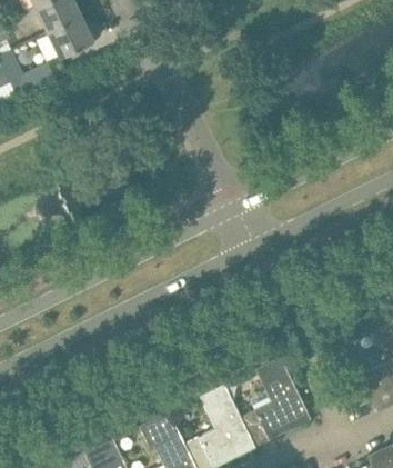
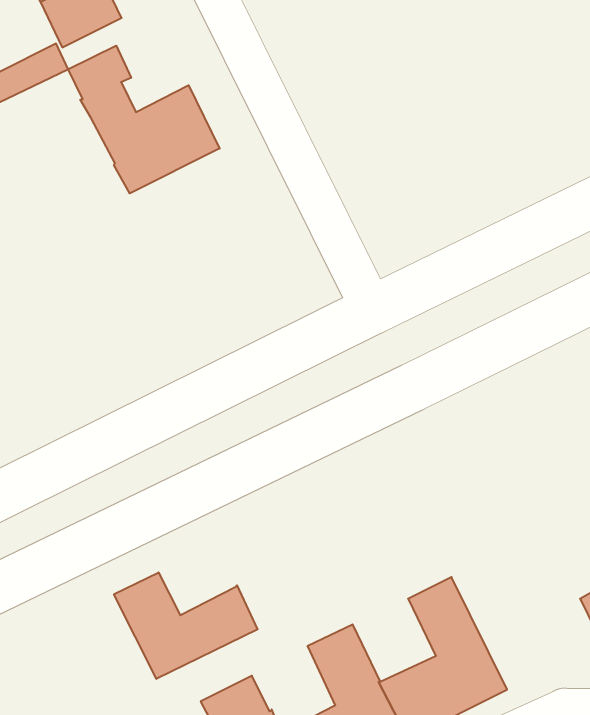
building: none -> [68,46,220,193]
building: none -> [114,572,258,679]

